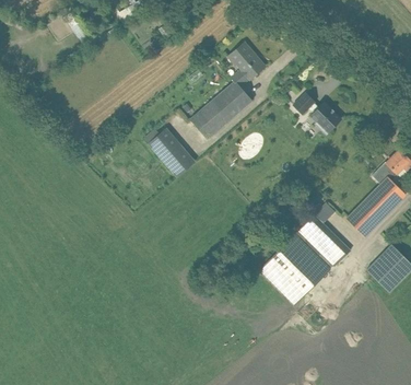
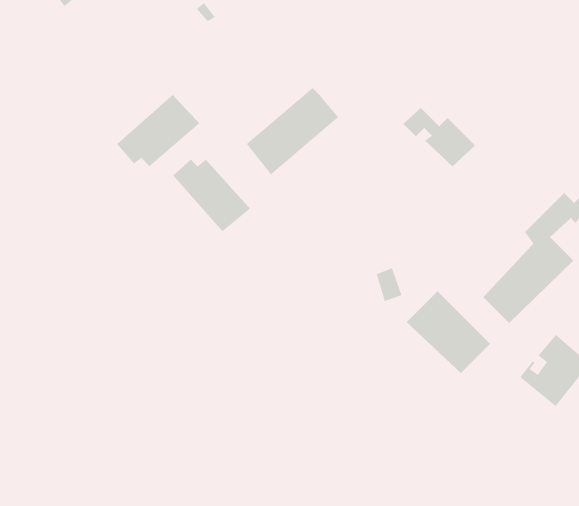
building: [228,40,265,85] -> none
building: none -> [116,94,200,167]
building: [260,234,332,305] -> none

